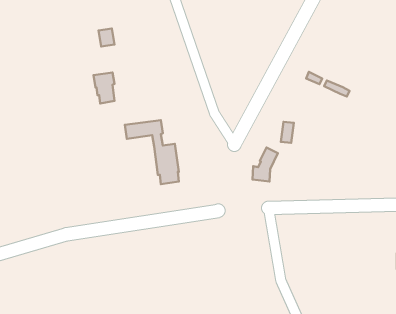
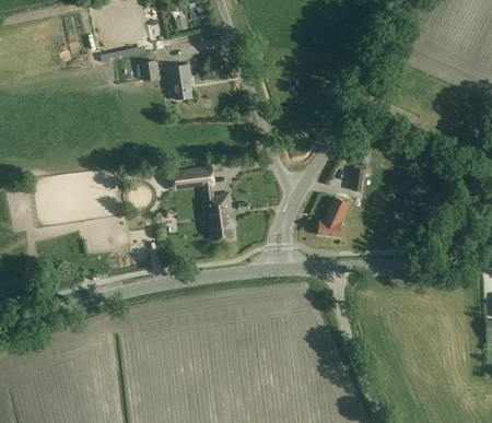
building: [94,72,114,104] -> [167,63,191,99]

